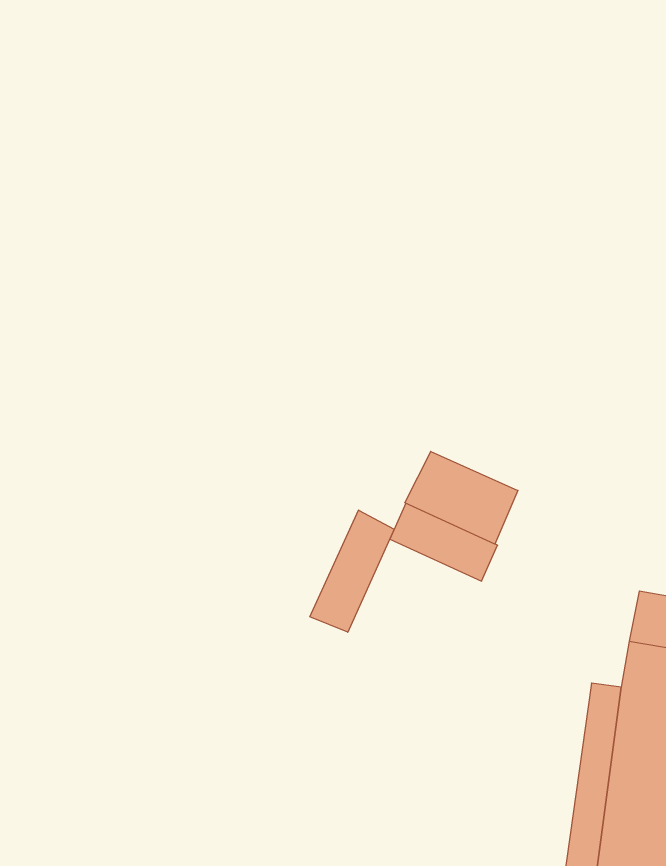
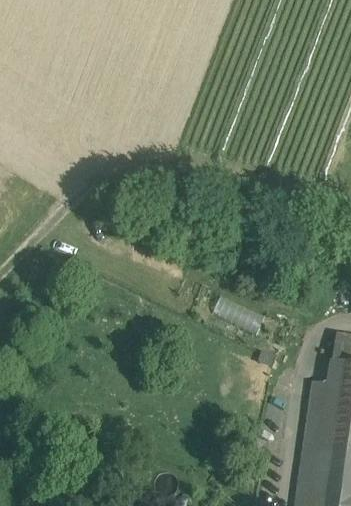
building: [405,451,518,544] -> none
building: [310,510,394,632] -> none

